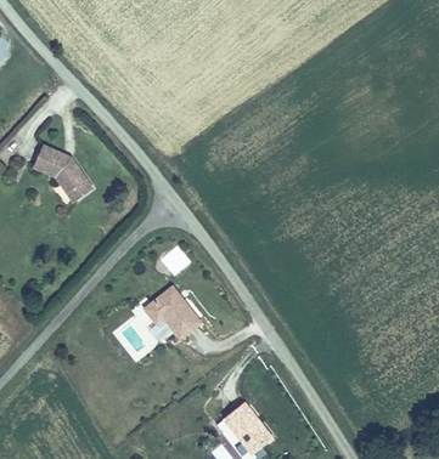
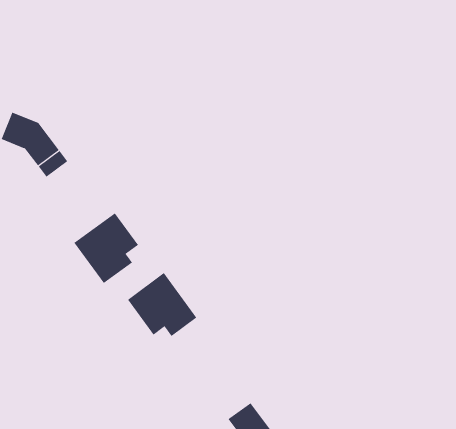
building: none -> [73,213,139,284]

